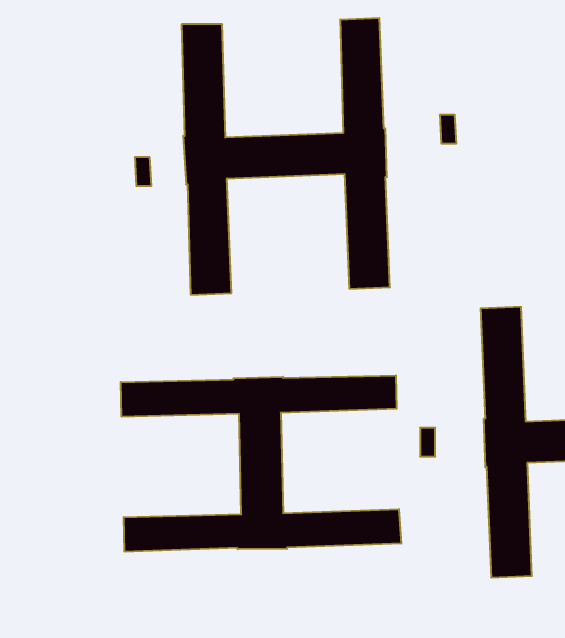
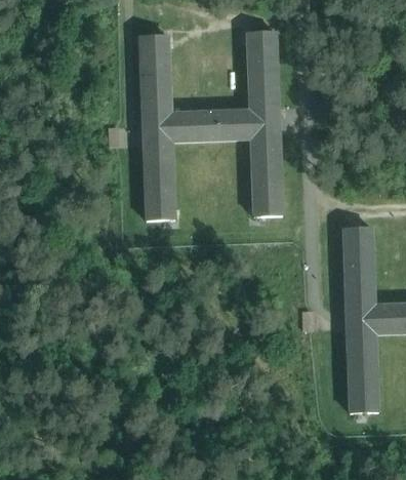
building: [121,375,401,552] -> none

